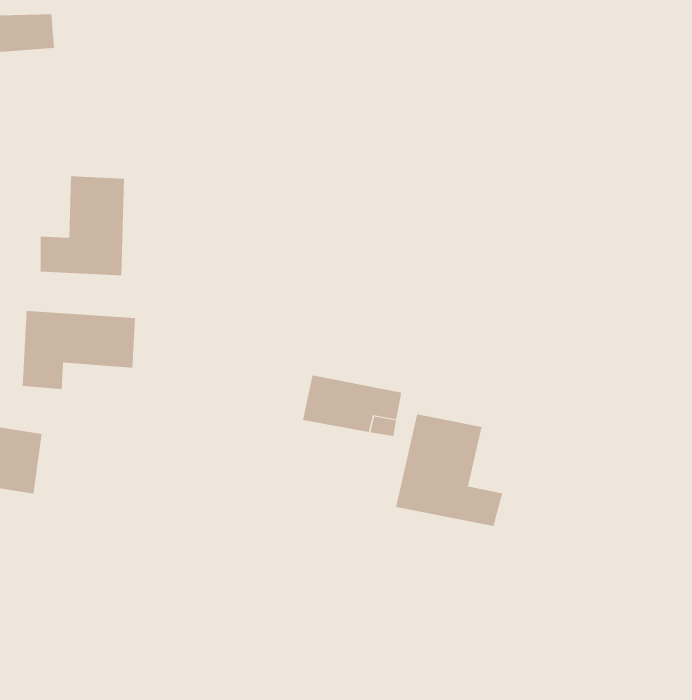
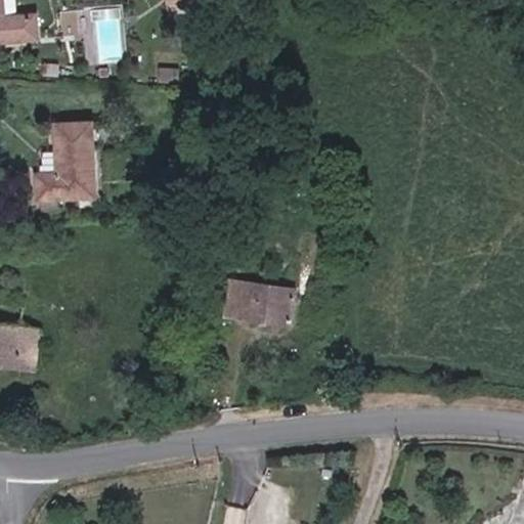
building: [22,310,135,390] -> none
building: [396,414,503,527] -> none

